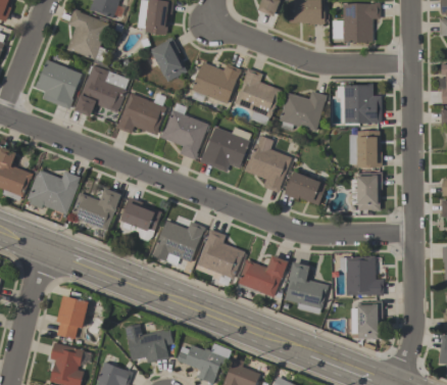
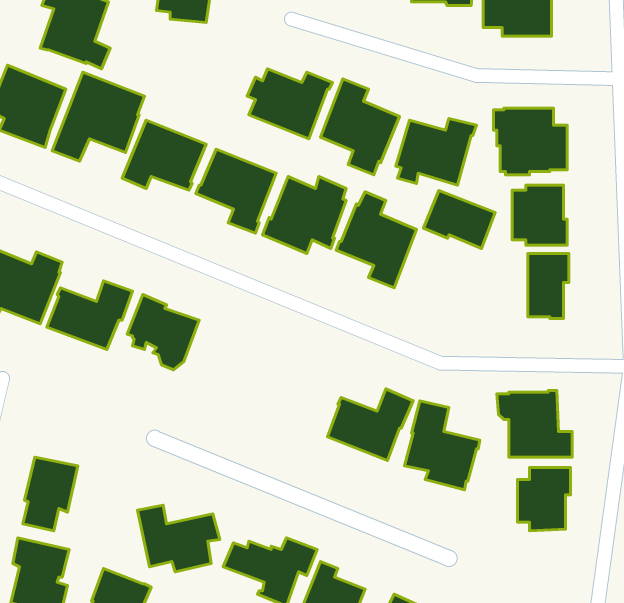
building: [150,37,186,82] -> none
building: [283,172,326,206] -> [423,190,495,249]
building: [151,221,204,266] -> none
building: [197,228,245,278] -> none

